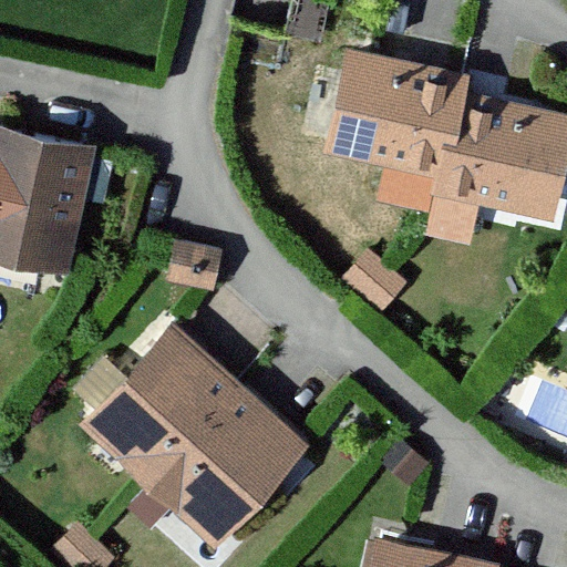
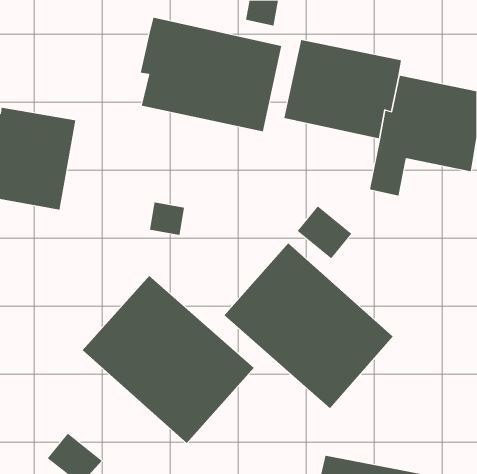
building: none -> [140,17,282,132]
building: none -> [224,243,394,409]

